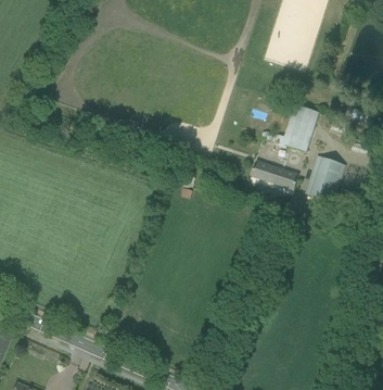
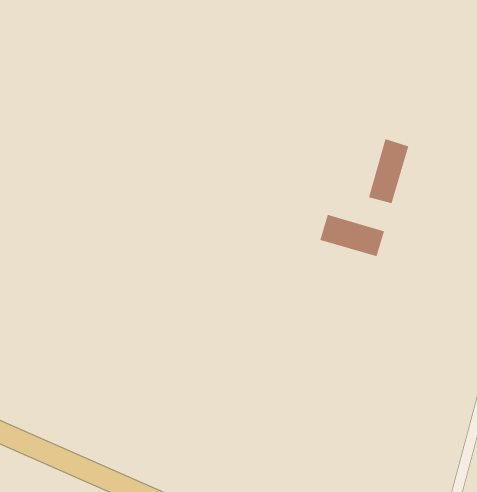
building: [309,159,346,199] -> none

